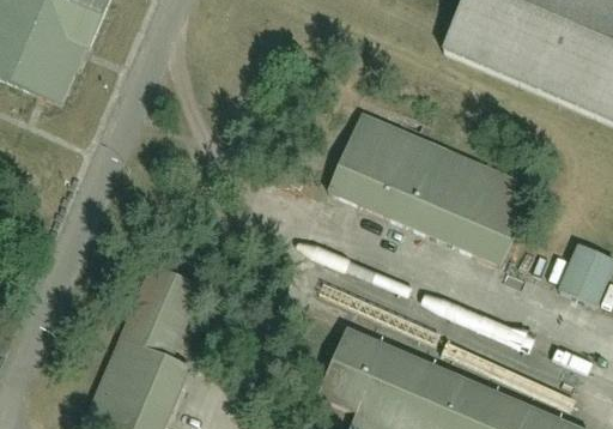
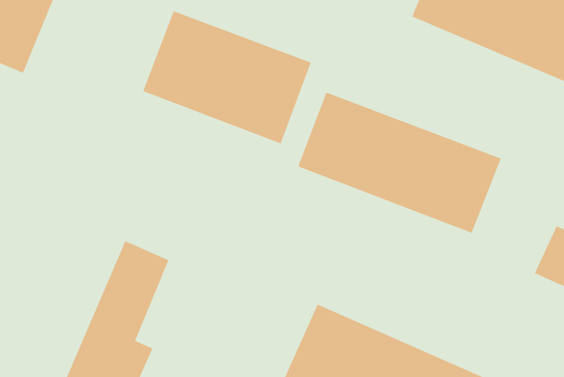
building: none -> [142,10,312,144]

